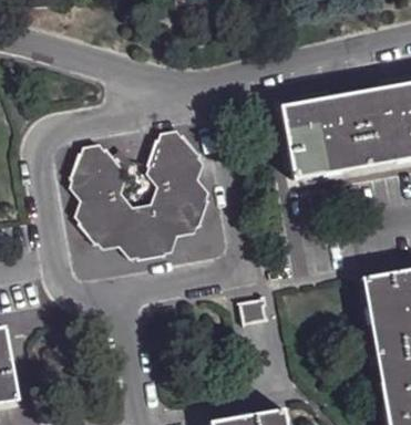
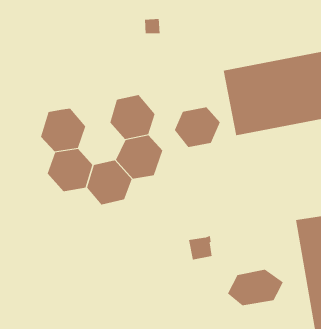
building: none -> [174,106,221,148]
building: none -> [227,269,284,306]

